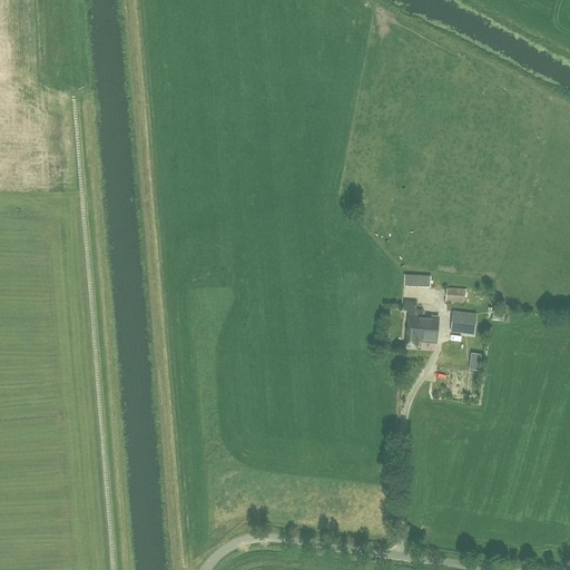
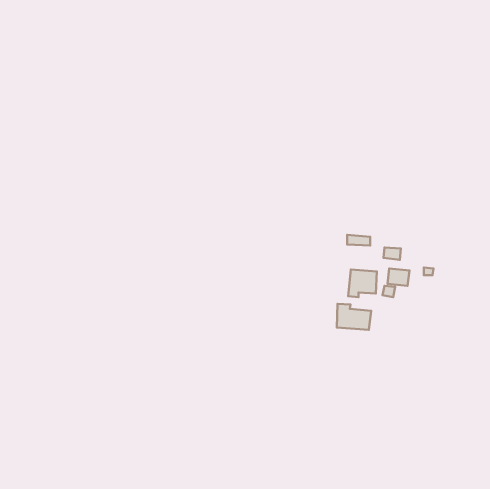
building: none -> [337,304,371,330]

